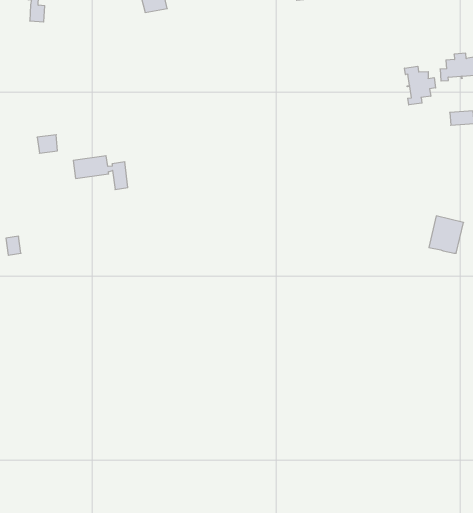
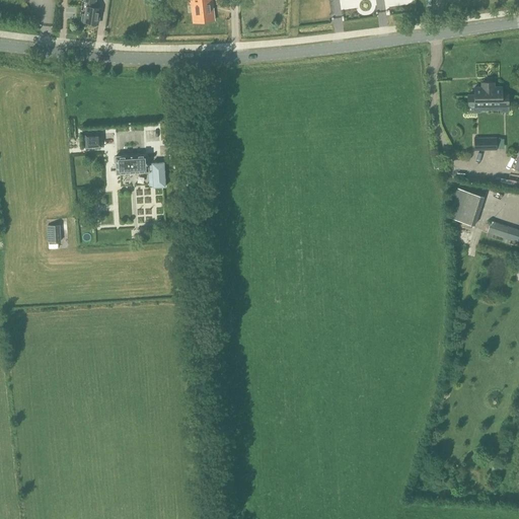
building: [405,66,436,105] -> none
building: [429,216,464,253] -> [449,189,484,225]

